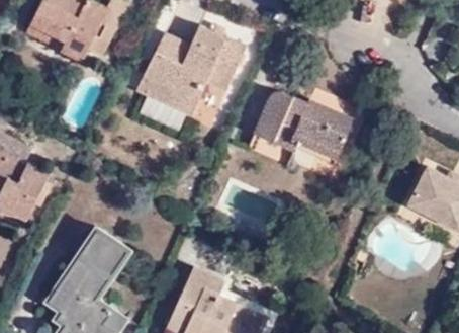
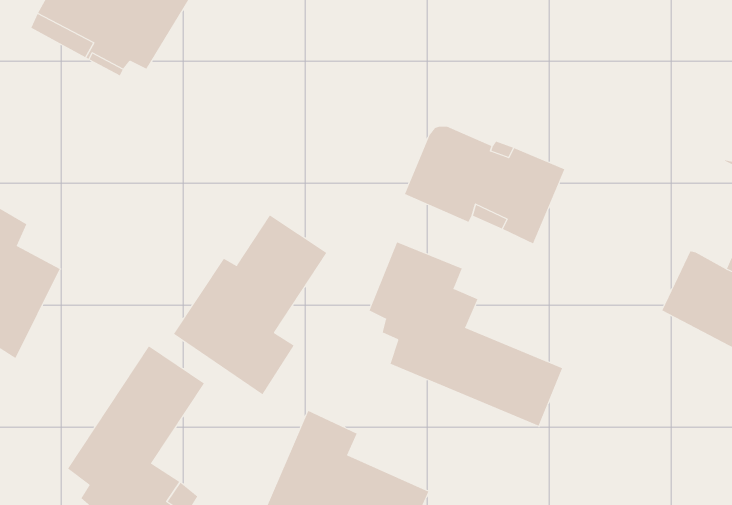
building: [136,25,245,115] -> none
building: none -> [173,215,327,395]
building: none -> [369,242,563,427]

